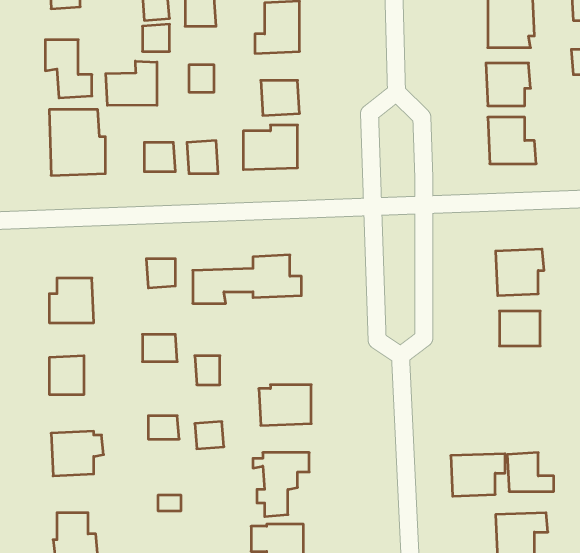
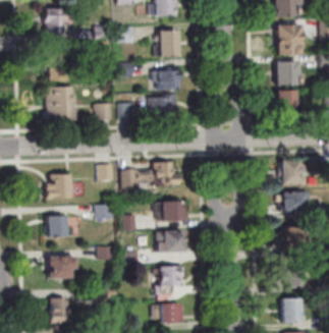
building: [106,61,157,105] -> none
building: none -> [162,202,183,220]
building: [451,454,505,496] -> [284,227,313,249]

